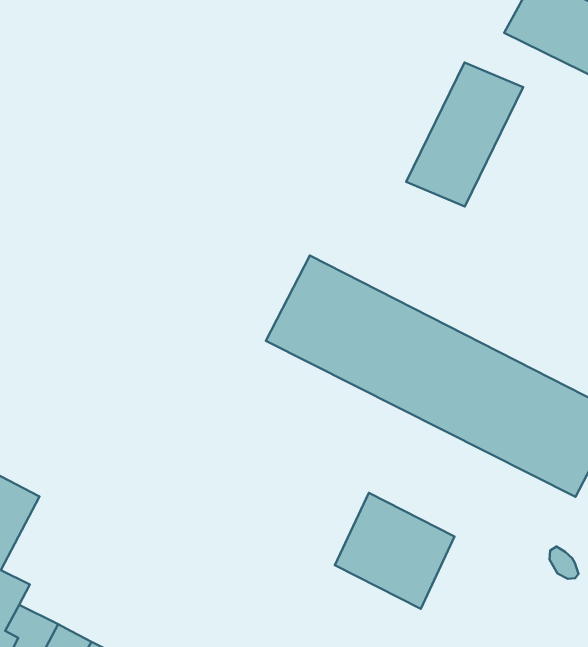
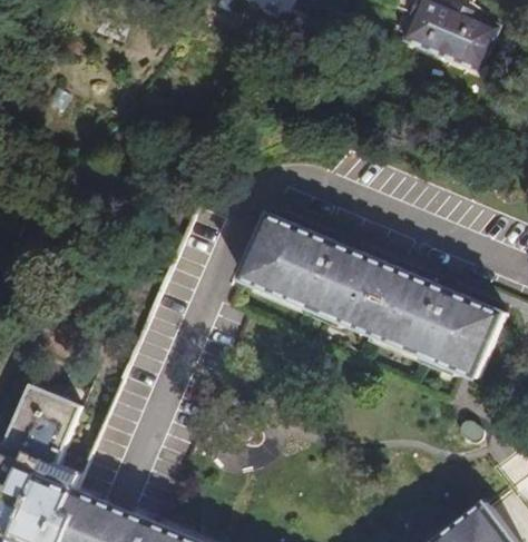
building: [406,63,523,207] -> none
building: [335,493,455,609] -> none

